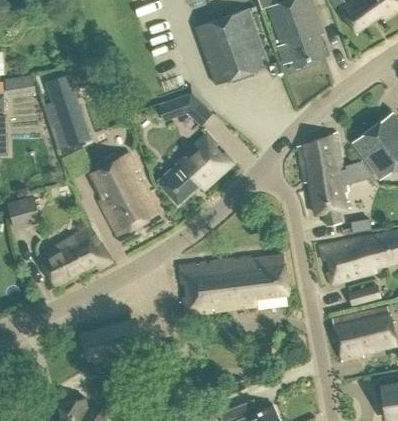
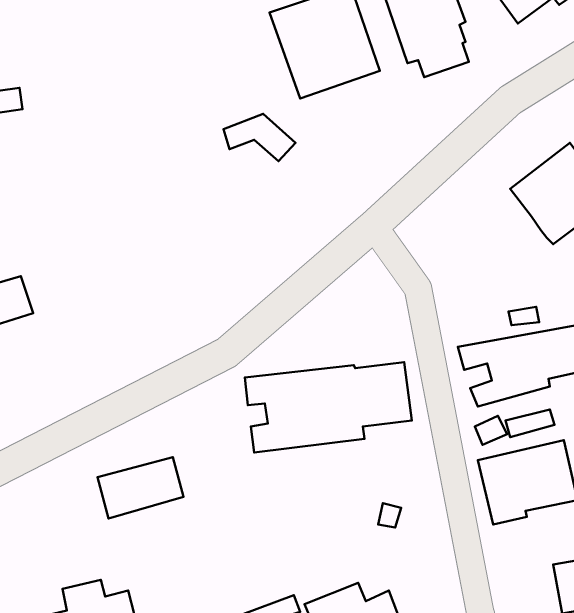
building: [46,74,90,145] -> none
building: [296,132,373,225] -> none
building: [157,134,232,204] -> none
building: [91,153,159,234] -> none
building: [40,226,111,284] -> none

